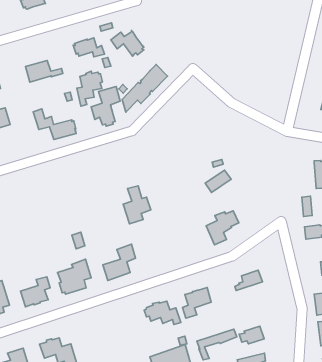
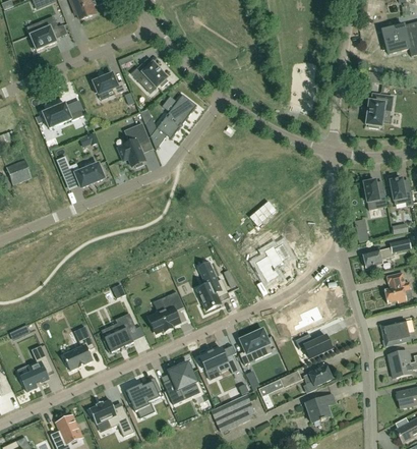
building: [77,71,103,106] -> none
building: [123,186,151,224] -> [197,268,228,310]
building: none -> [295,334,332,358]
building: none -> [164,363,195,404]
building: none -> [125,380,163,411]

